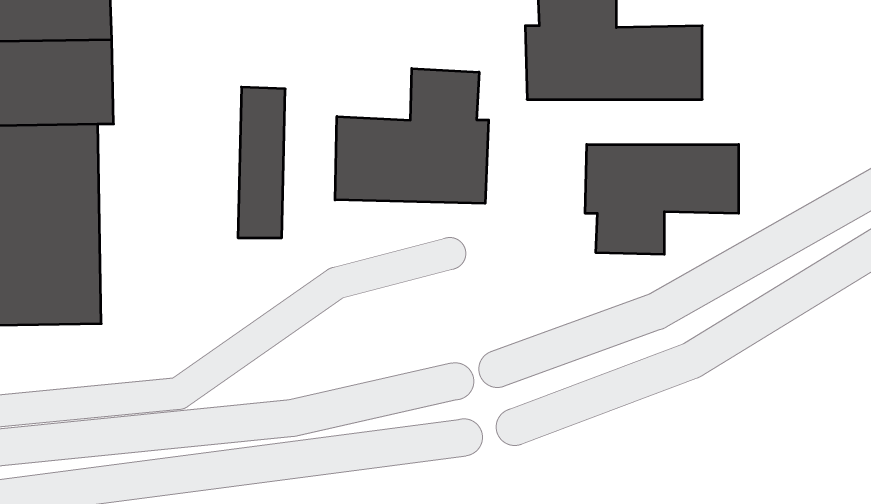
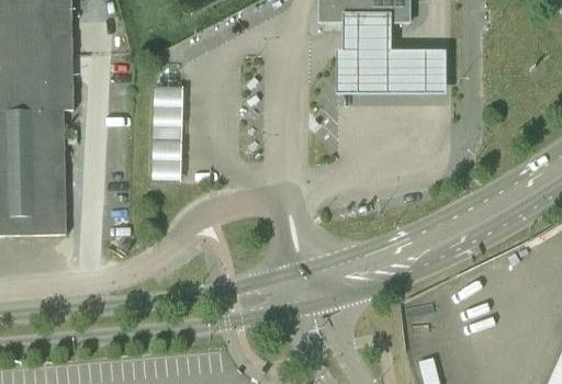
building: [335,68,489,203] -> none
building: [585,144,739,254] -> none

